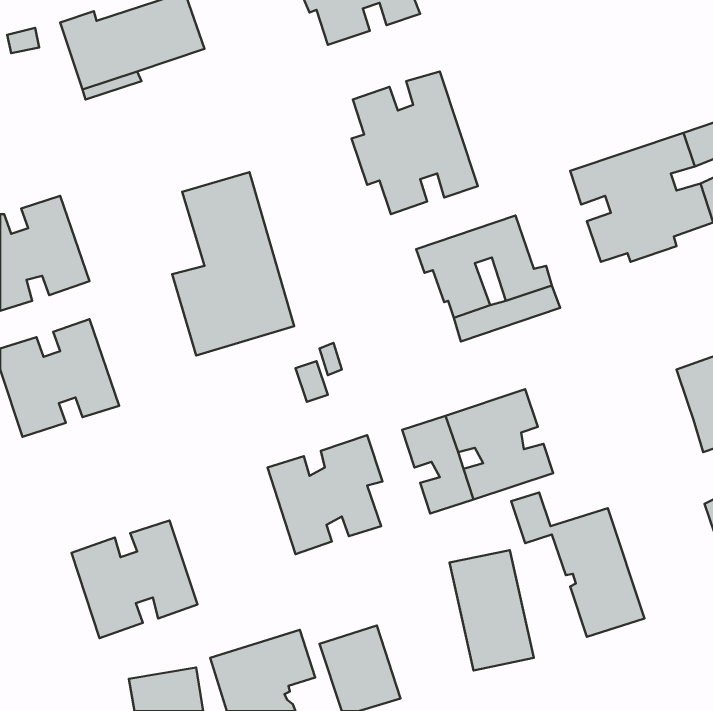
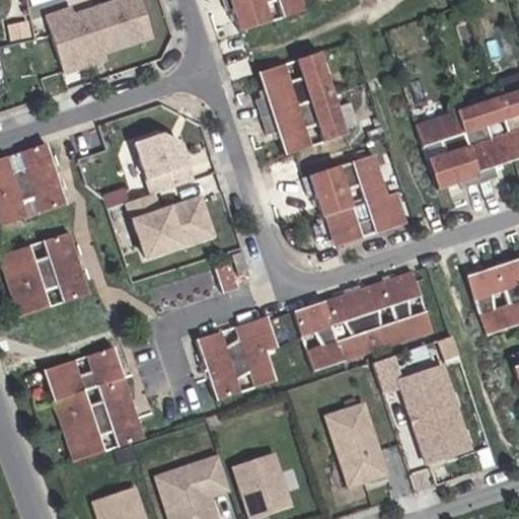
building: none -> [465,268,511,337]
building: none -> [382,272,435,343]
building: none -> [44,346,125,400]

